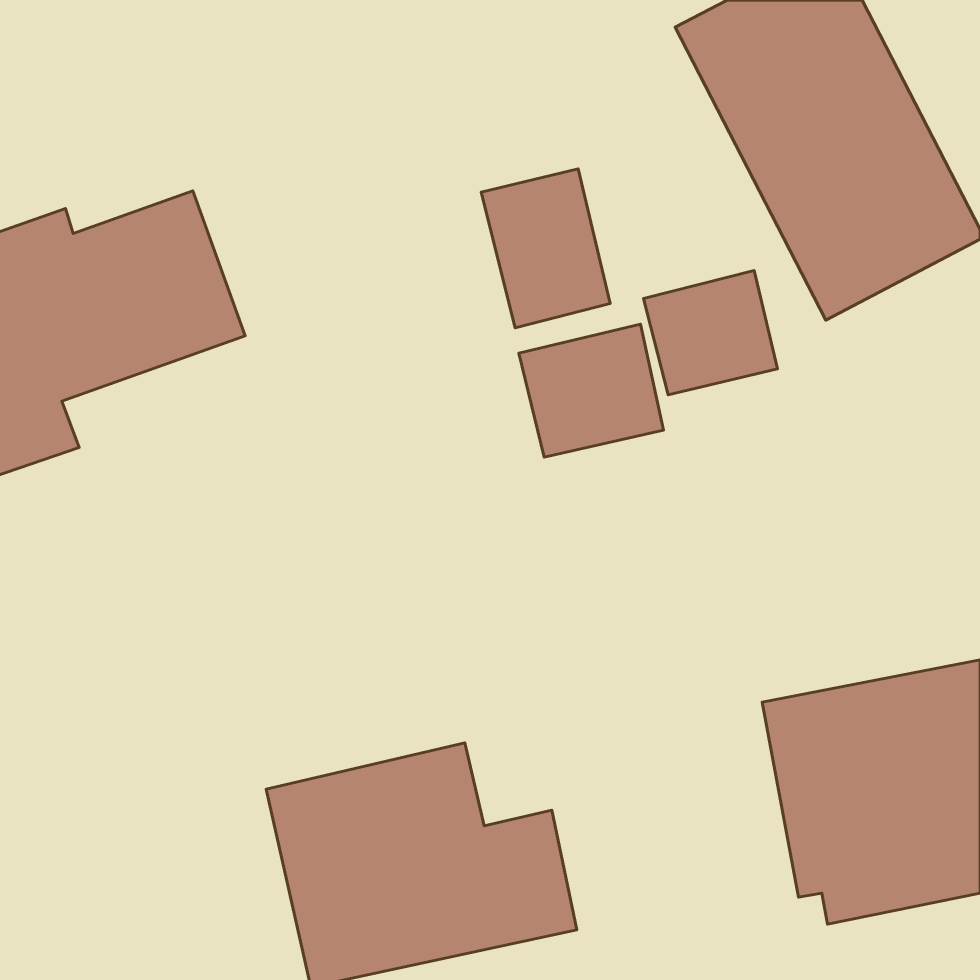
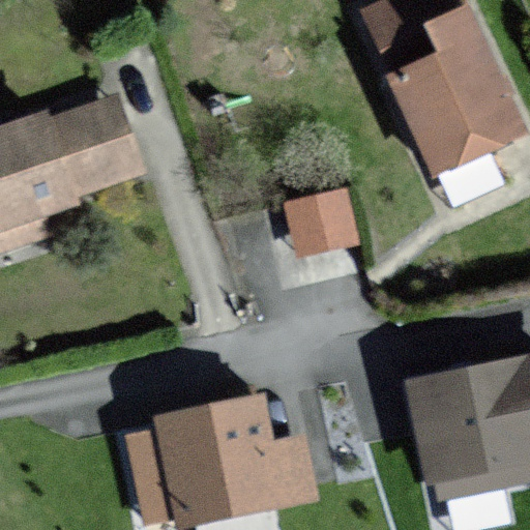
building: [481,169,610,328] -> none
building: [644,270,778,395] -> none

